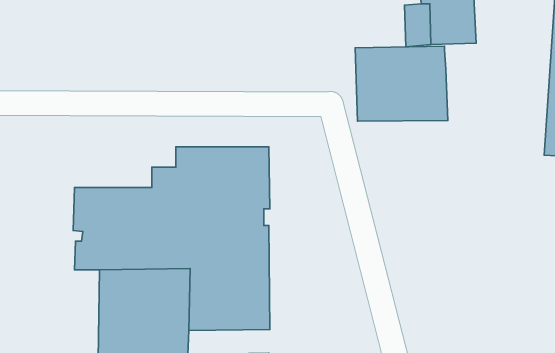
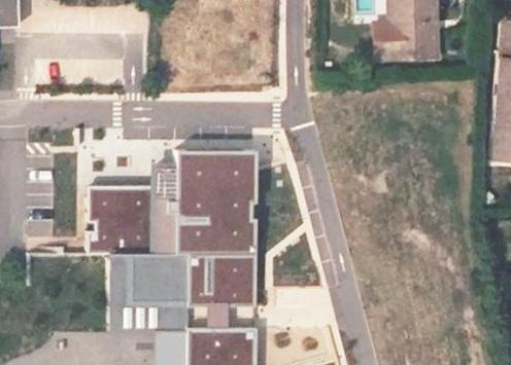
building: [355,46,448,121] -> none

